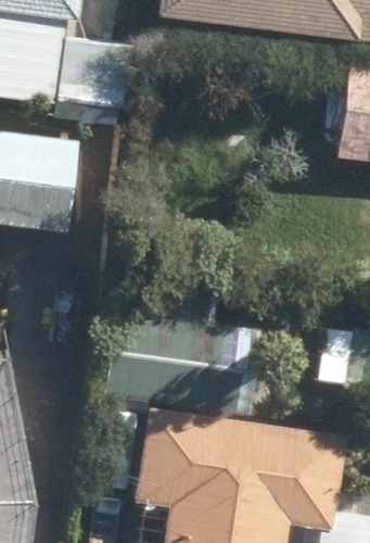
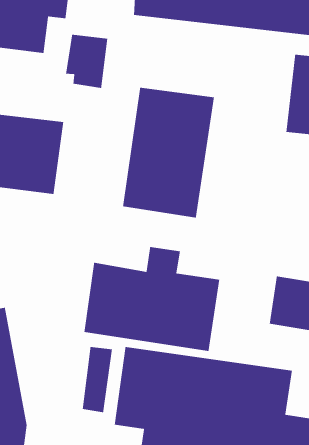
building: none -> [122,87,215,218]

